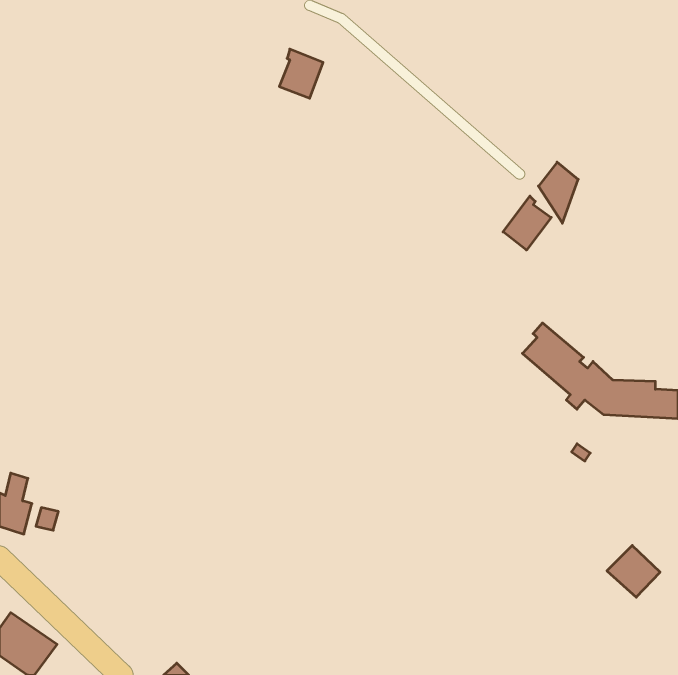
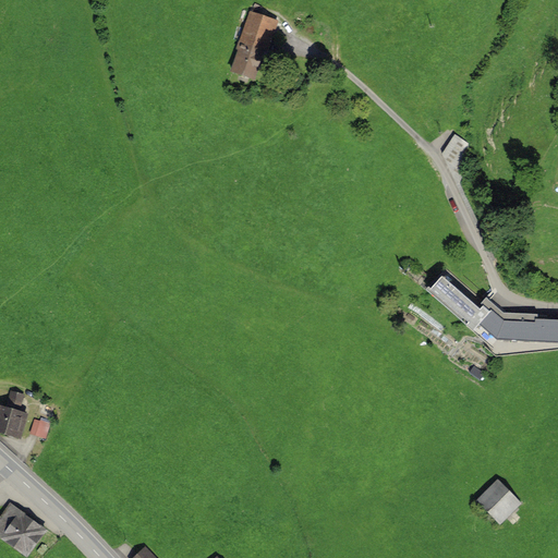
building: none -> [238,10,277,51]
building: [503,196,551,250] -> none
building: [607,545,660,597] -> [476,478,520,521]

